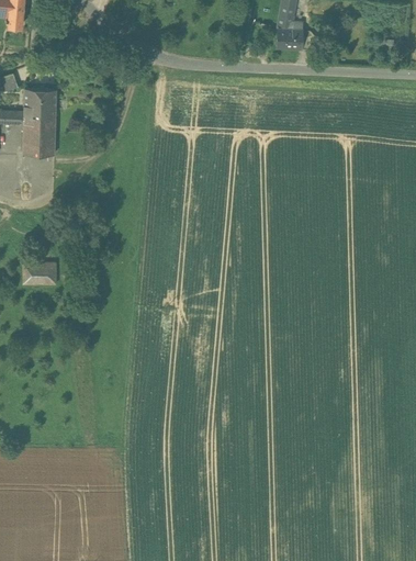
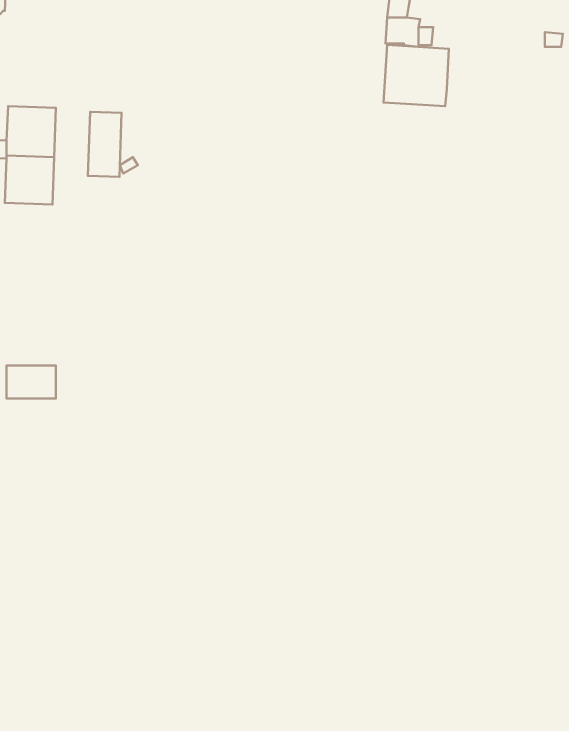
building: none -> [384,45,449,106]
building: none -> [88,112,122,177]

